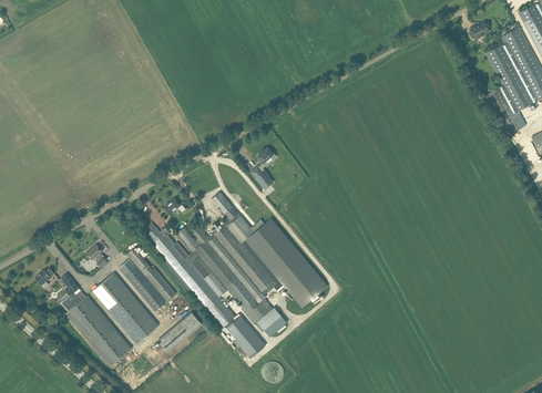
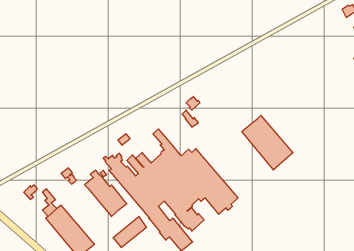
building: none -> [242,115,293,170]
building: [92,271,158,342] -> none

